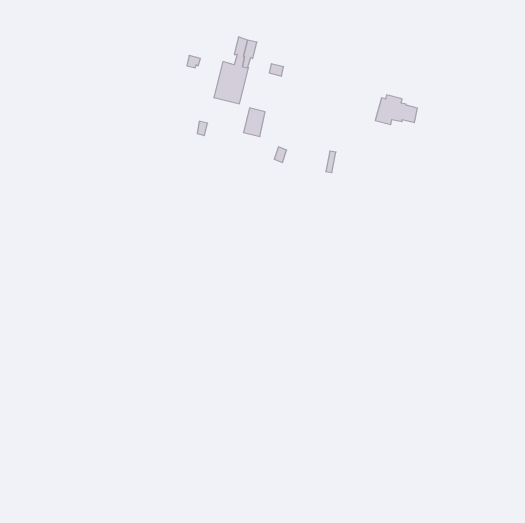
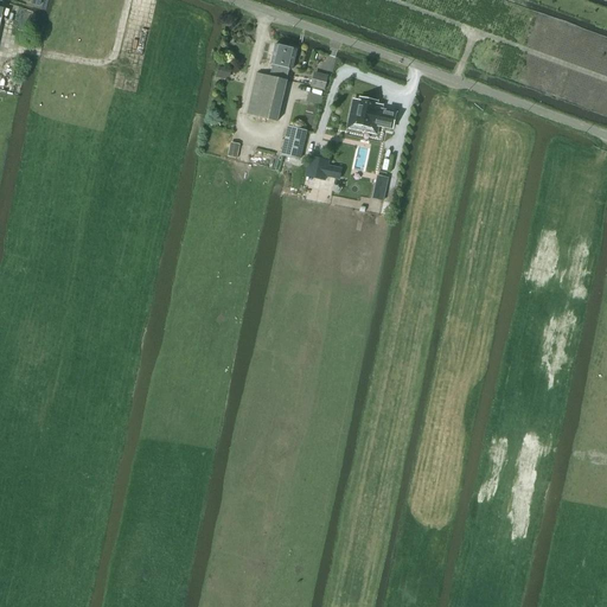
building: [375,95,417,125] -> [346,96,395,130]

